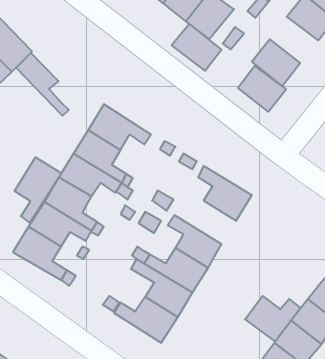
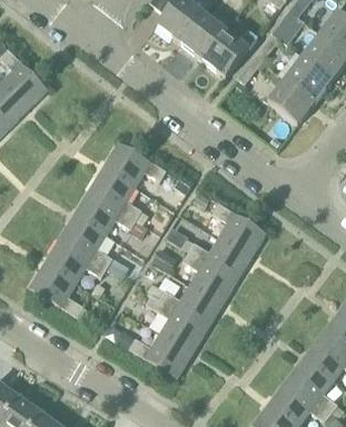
building: [172,24,222,71] -> none
building: [16,53,69,116] -> none
building: [238,66,286,112] -> [284,54,332,100]
building: [15,157,61,223] -> none
building: none -> [189,237,250,280]
building: [245,296,301,342] -> none

